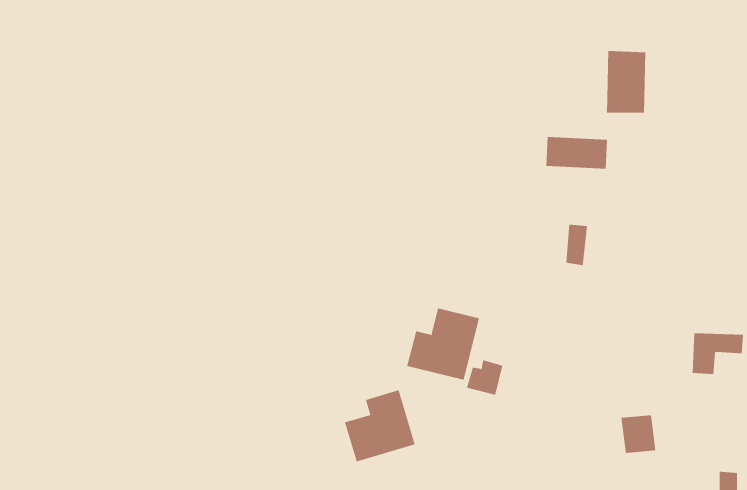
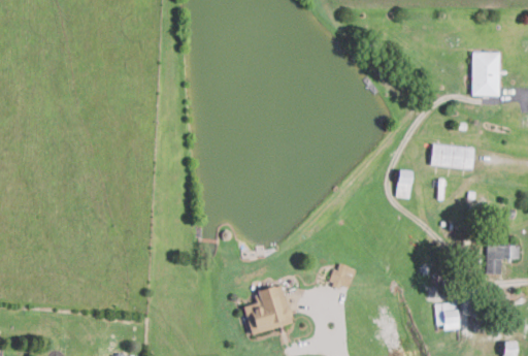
building: [606,51,646,113] -> [472,52,500,95]
building: [545,136,608,169] -> [431,144,474,167]
building: [407,308,480,381] -> none

